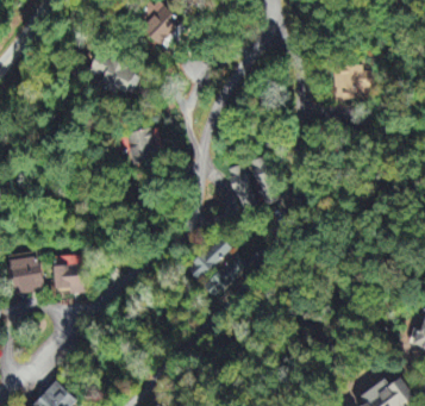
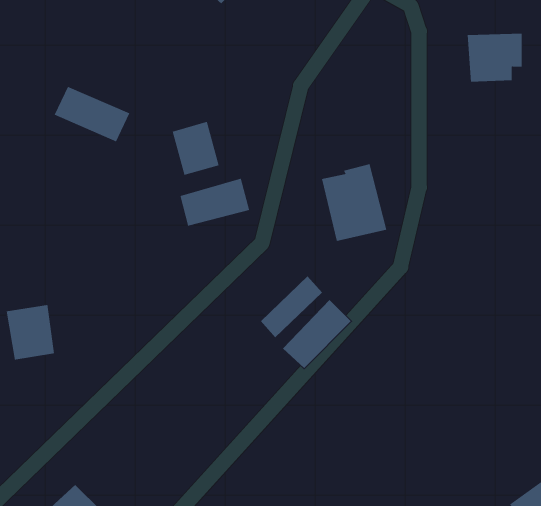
building: [85,52,138,92] -> [54,86,130,142]
building: none -> [180,178,250,227]
building: [51,254,80,292] -> none

